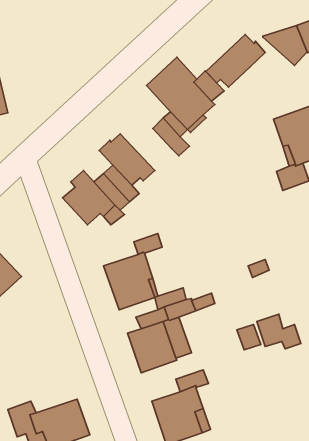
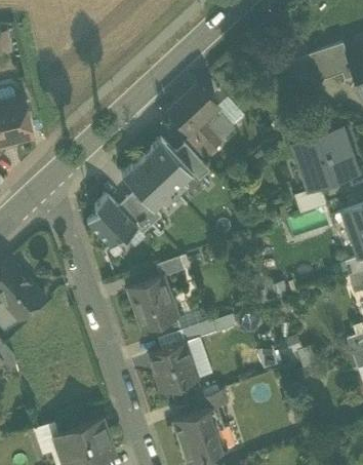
building: [206,34,265,87] -> none
building: none -> [143,139,193,195]

